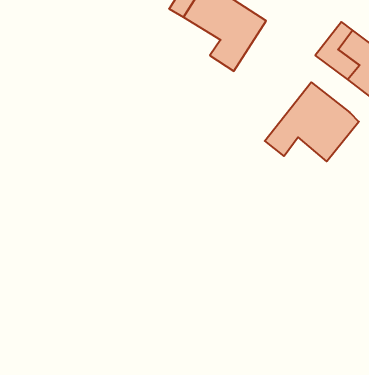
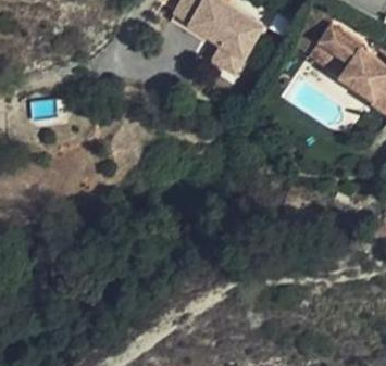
building: [265,82,359,161] -> none

